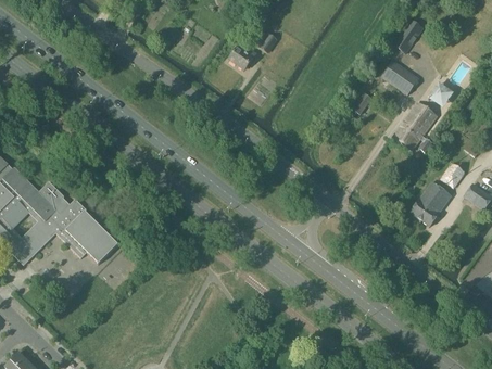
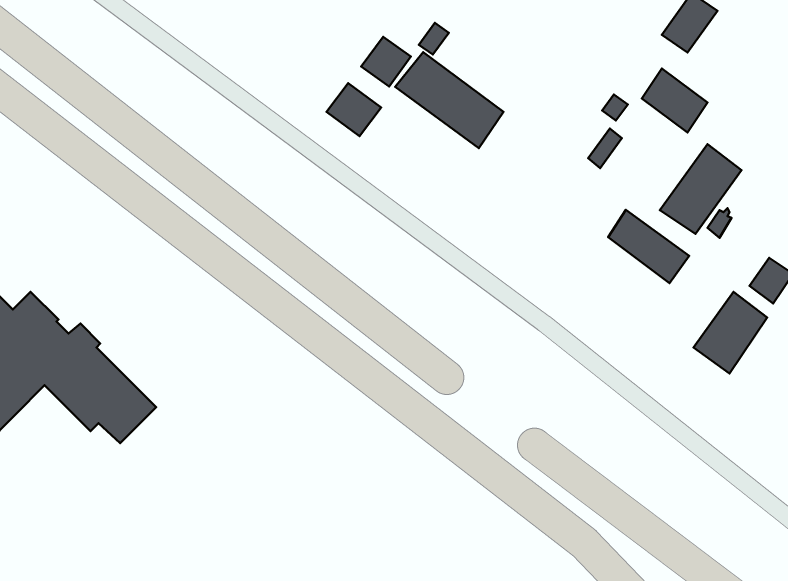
building: none -> [395,52,504,148]
building: none -> [327,83,381,136]
building: none -> [608,210,689,283]

